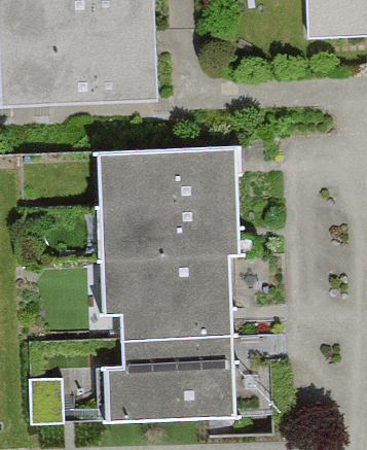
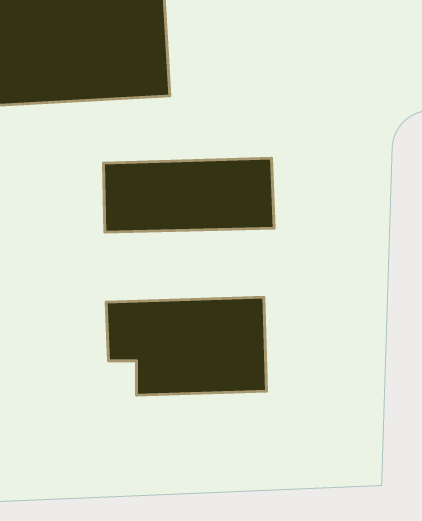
building: [101,207,238,267] -> none
building: [104,339,233,418] -> none

